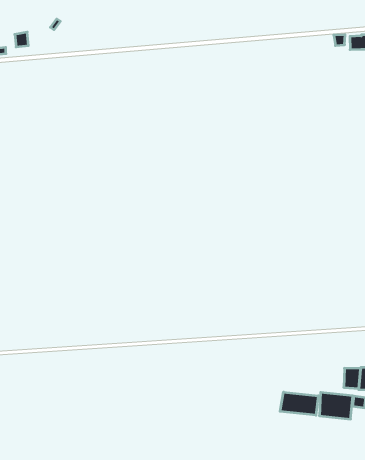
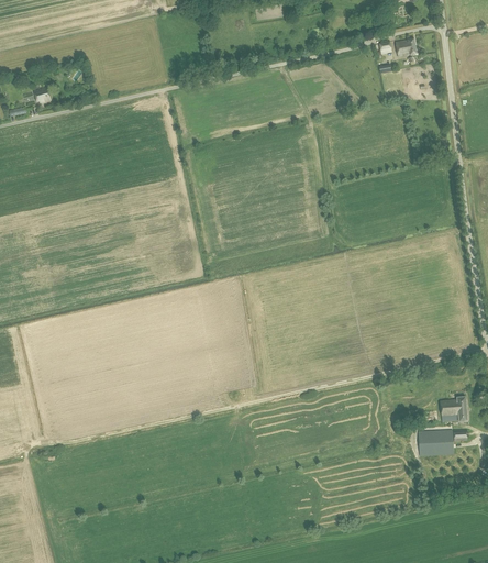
building: [280,392,318,415] -> none

